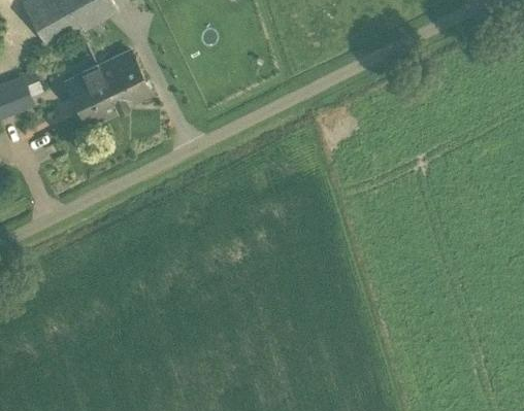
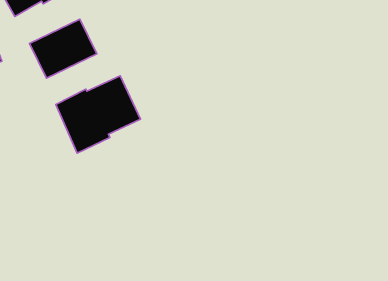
building: none -> [56,76,141,153]

